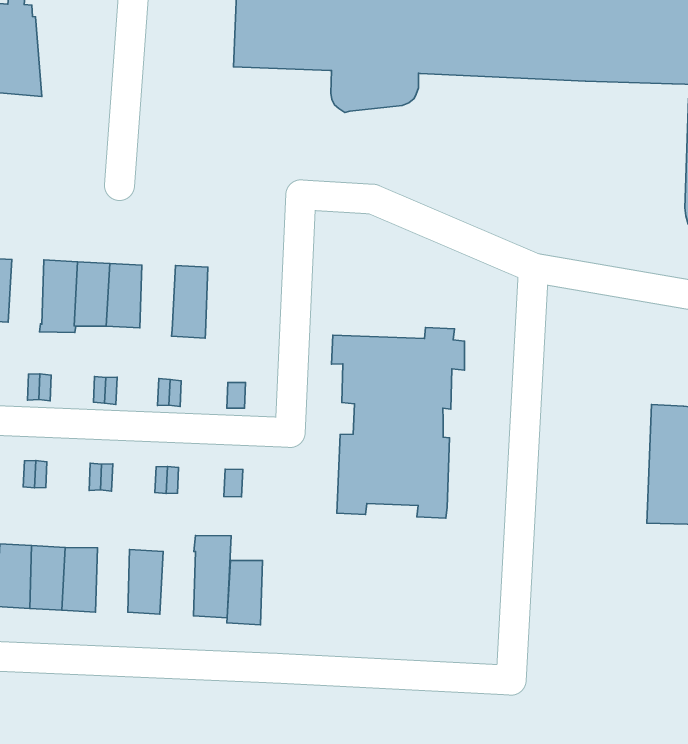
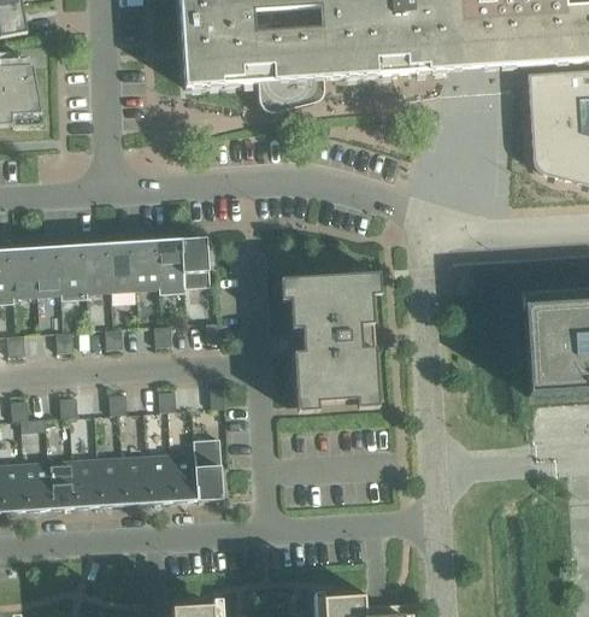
building: none -> [34,245,61,294]
building: none -> [131,239,159,288]
building: none -> [181,236,210,287]
building: none -> [120,454,148,504]
building: [227,560,263,625] -> [170,451,198,500]

